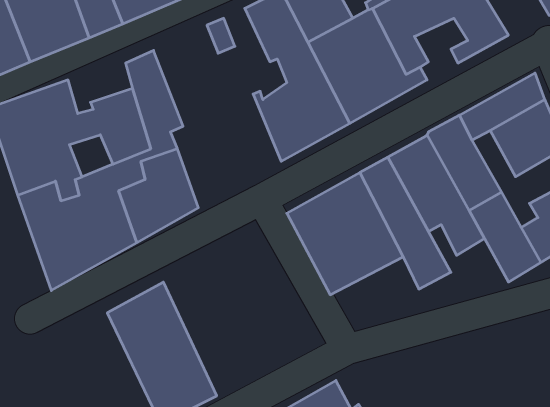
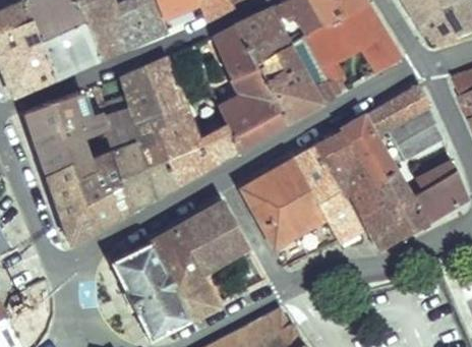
building: none -> [143,59,236,183]
building: none -> [151,197,249,320]
building: none -> [363,206,401,251]

